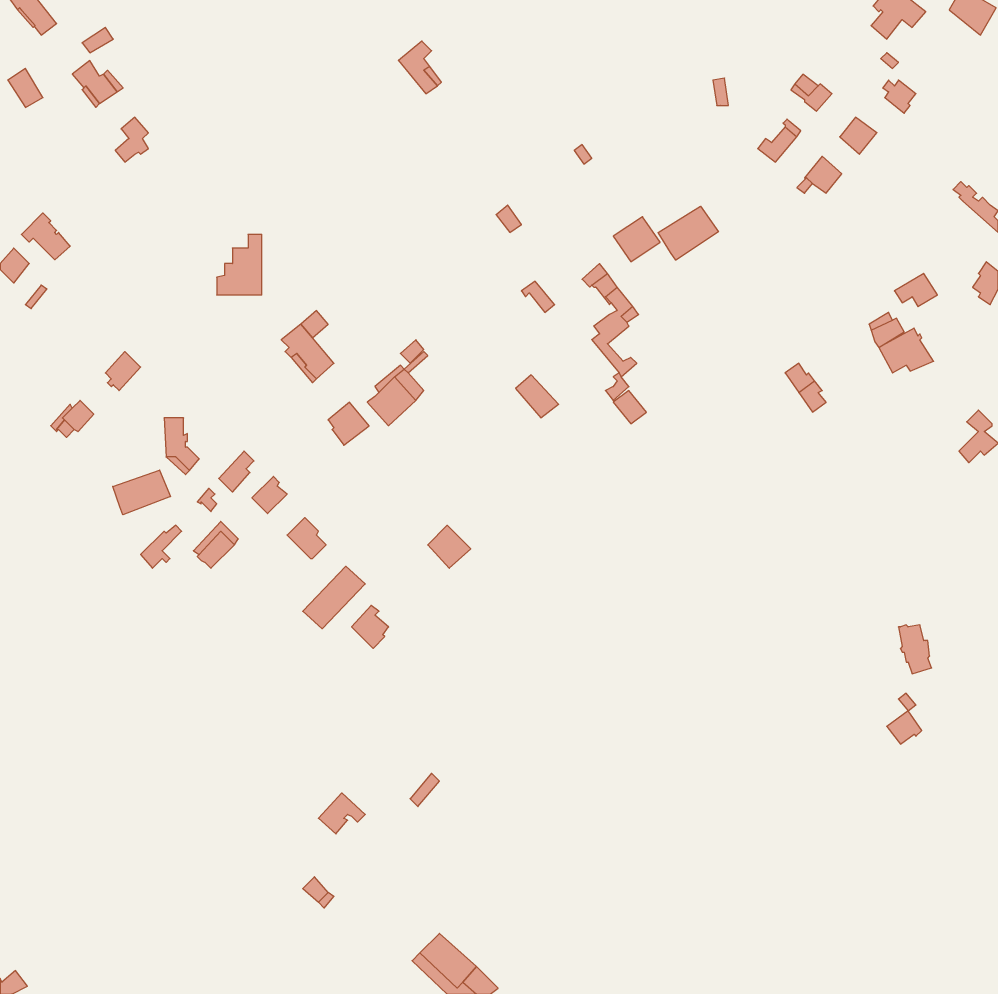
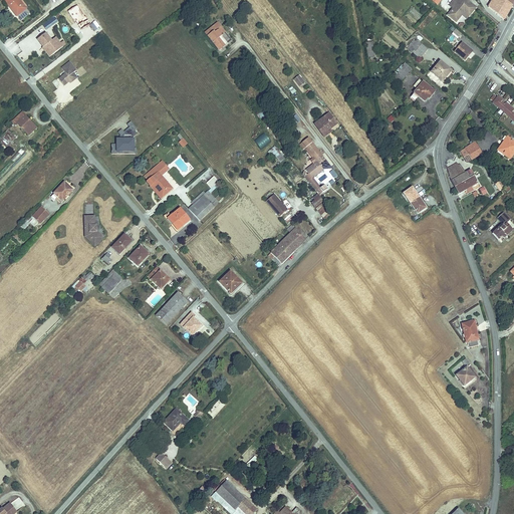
building: [658,206,718,260] -> none
building: none -> [271,223,305,264]
building: [113,470,170,515] -> none

